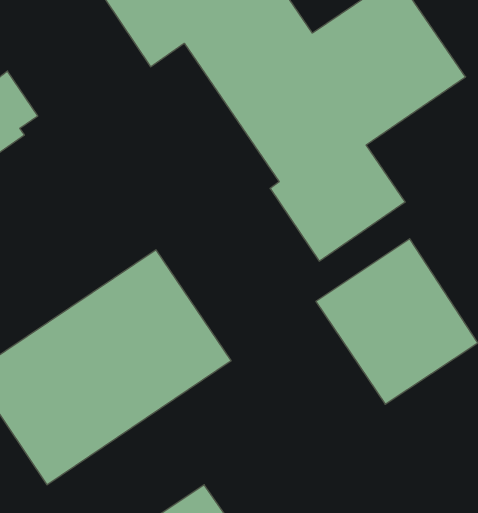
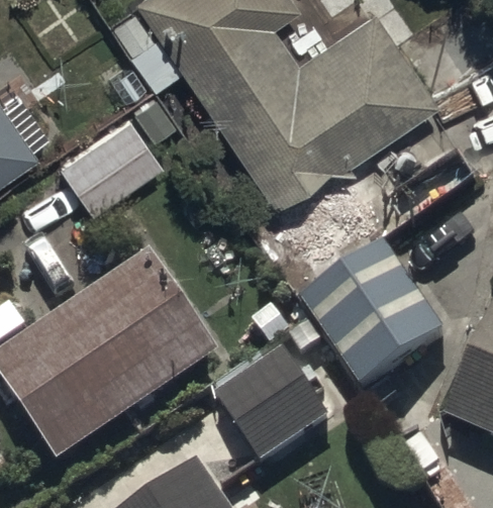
building: none -> [54,91,172,206]
building: none -> [210,340,330,462]

